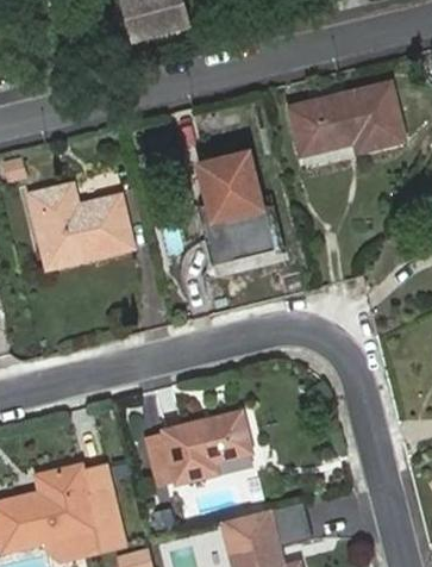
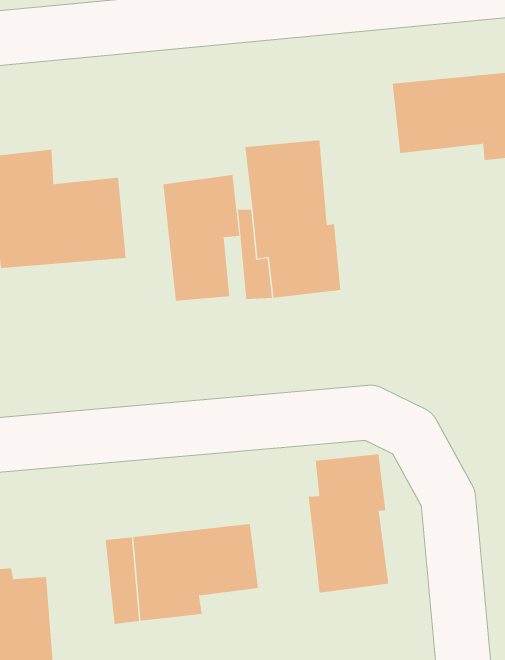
building: none -> [163,174,240,302]
building: none -> [308,454,389,593]

